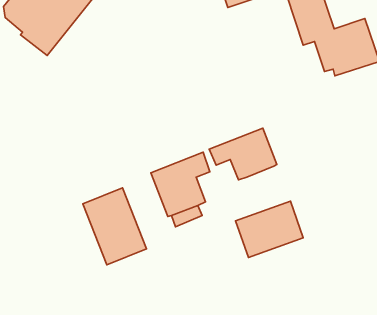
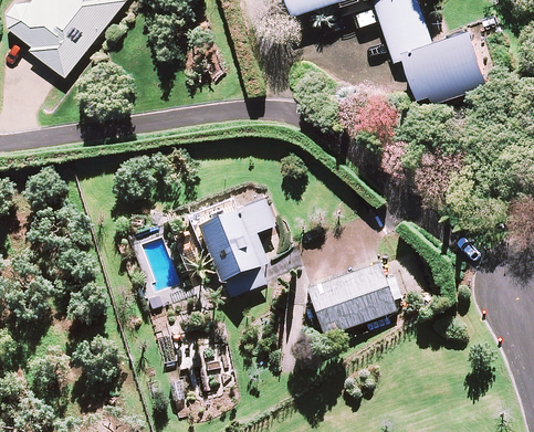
building: [209,128,277,180] -> none
building: [83,188,147,265] -> none

